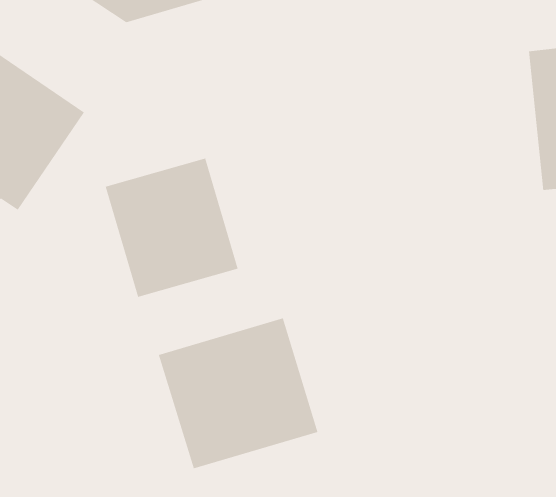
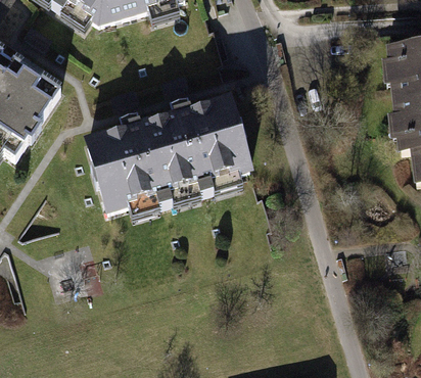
building: none -> [153,102,248,202]
building: [158,318,318,469] -> none

